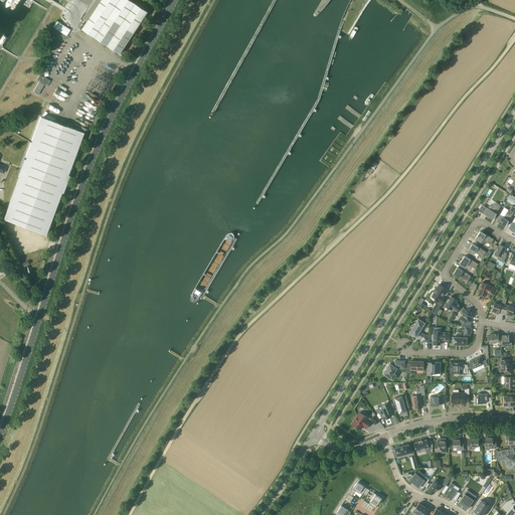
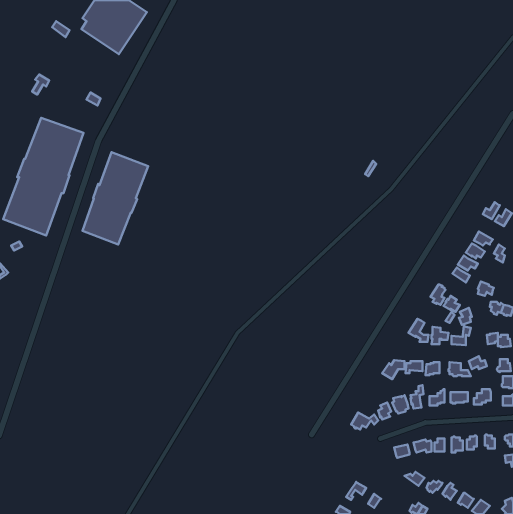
building: none -> [83,152,148,245]

